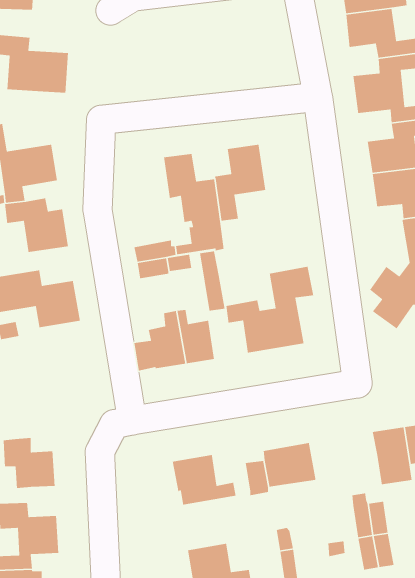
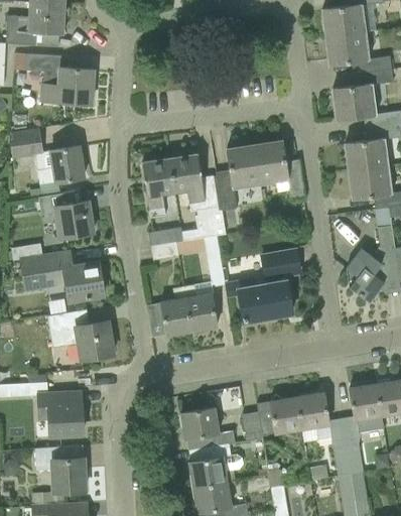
building: none -> [254,141,305,201]
building: none -> [142,157,178,218]
building: none -> [47,311,114,360]
building: none -> [296,393,331,440]
building: none -> [188,443,243,488]

